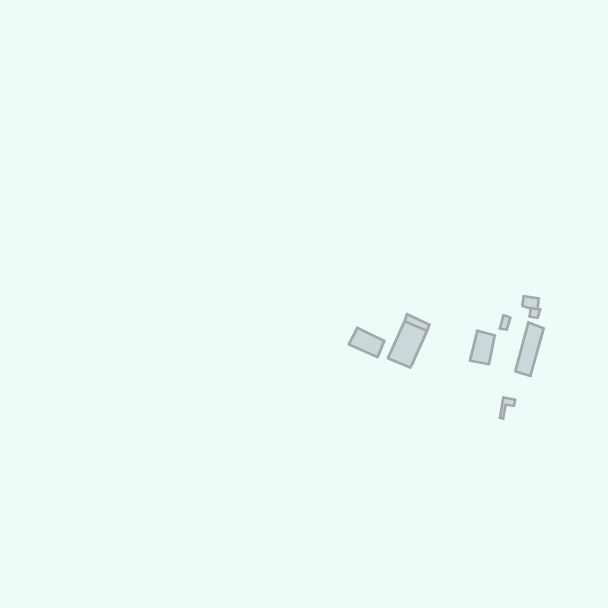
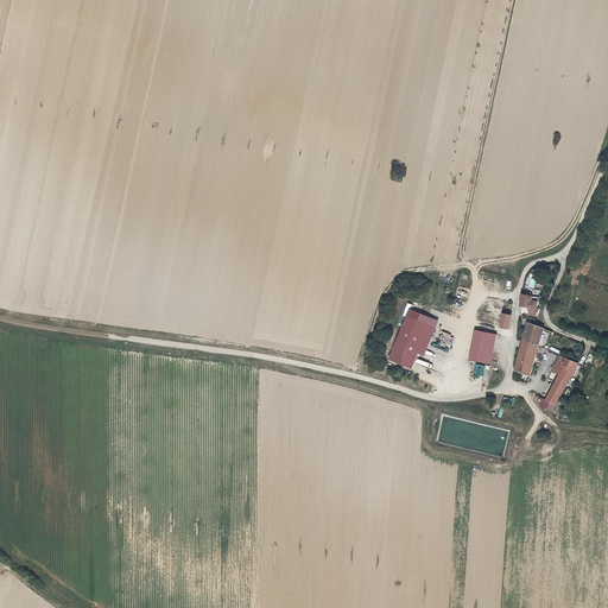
building: [349,328,384,357] -> none
building: none -> [543,354,581,414]

